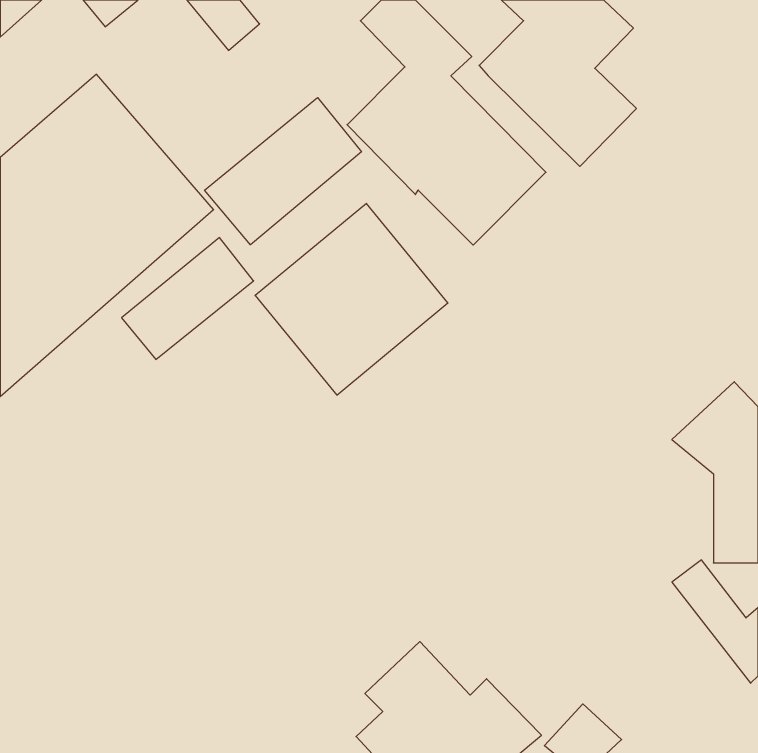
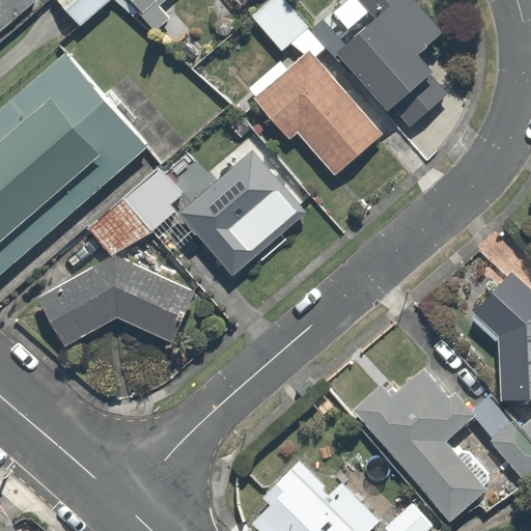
building: [205,98,361,245] -> none
building: none -> [37,258,188,347]
building: none -> [344,370,487,521]

